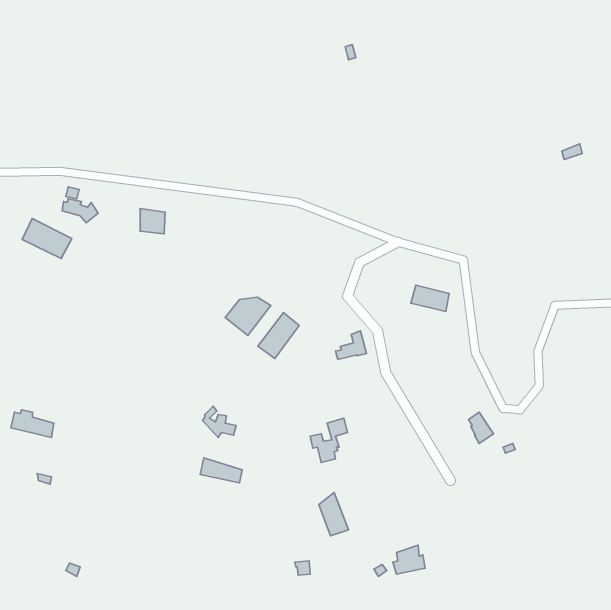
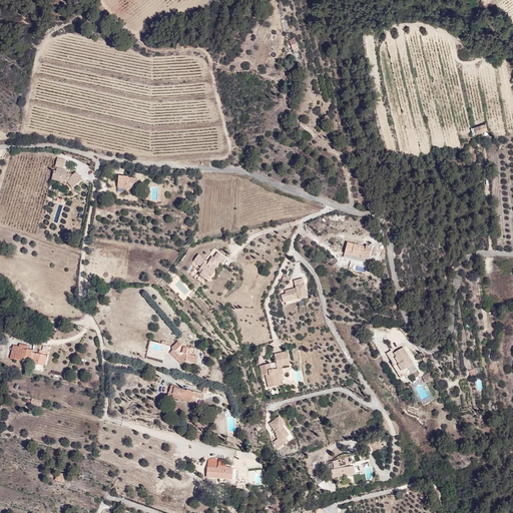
building: [22,219,72,258] -> none
building: [258,312,299,358] -> none
building: none -> [207,458,236,481]

